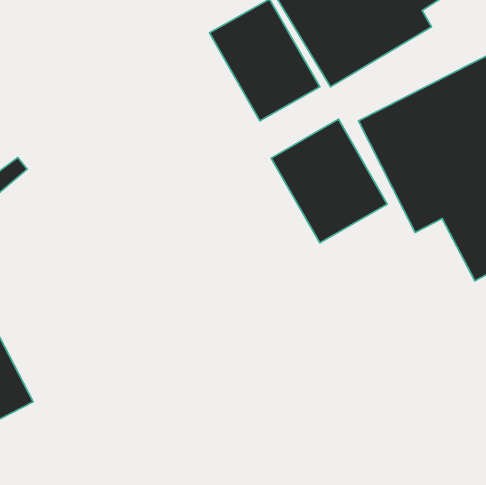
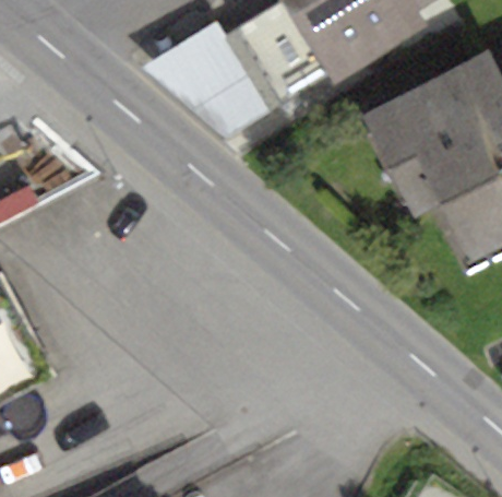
building: none -> [140,19,270,141]
building: [271,119,387,243] -> none

